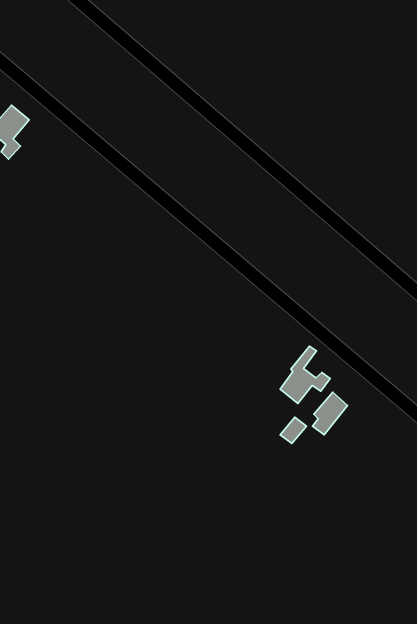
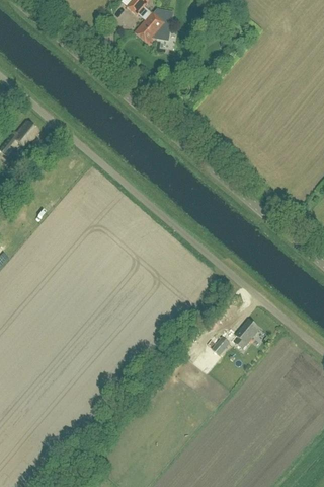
building: [280,346,330,404] -> none

